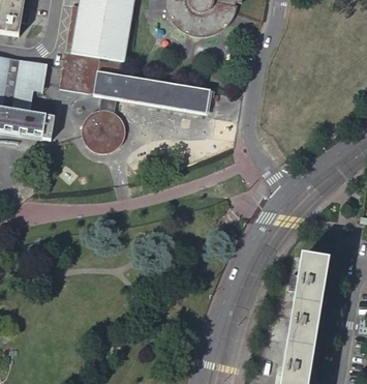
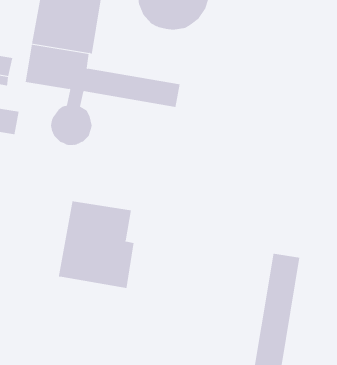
building: none -> [58,201,134,289]

